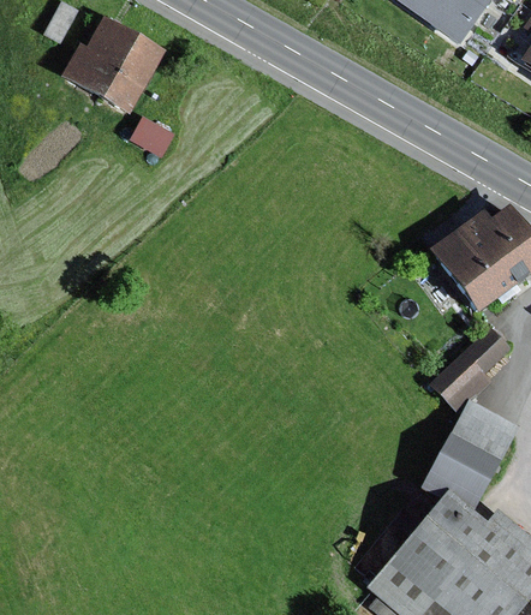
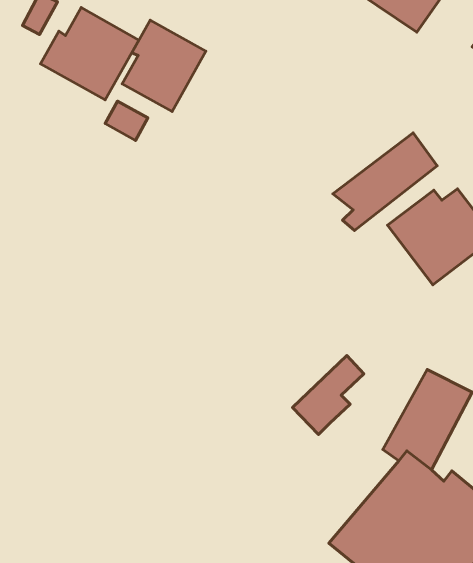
building: none -> [122,20,206,111]
building: none -> [333,133,437,231]
building: [432,329,508,413] -> [293,356,364,435]

